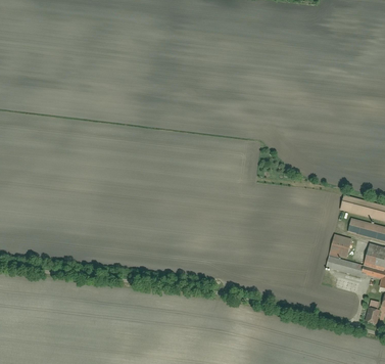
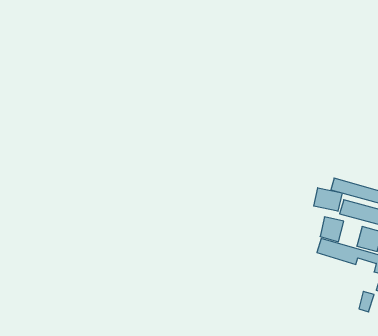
building: none -> [314,188,342,211]

